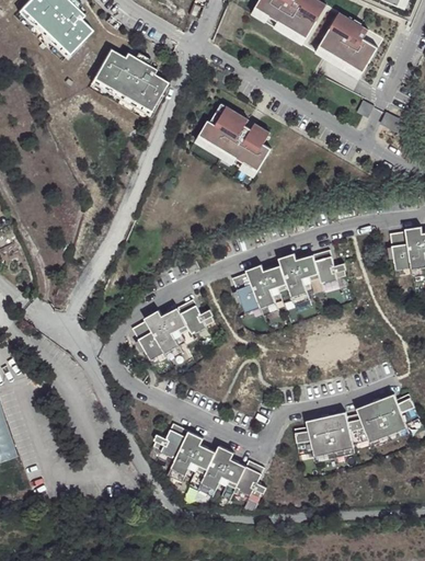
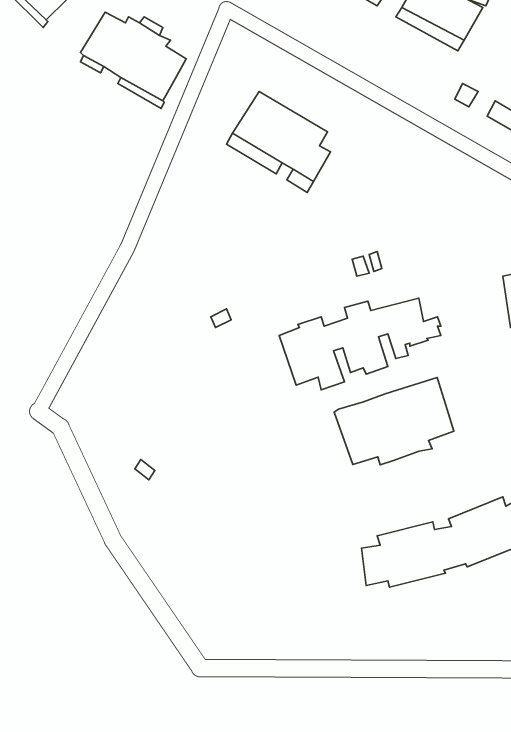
building: [131,296,214,356] -> none
building: none -> [334,378,454,465]
building: [150,420,264,497] -> none

